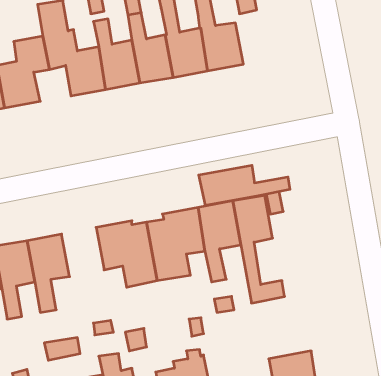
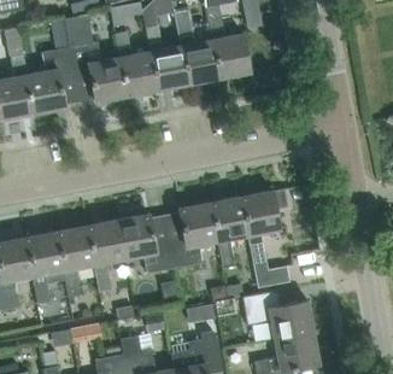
building: [199,165,290,205] -> none
building: none -> [87,221,125,292]
building: none -> [242,291,313,343]

